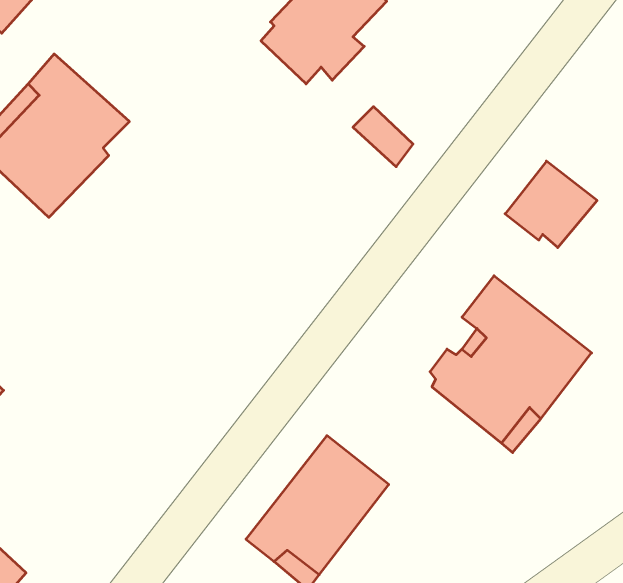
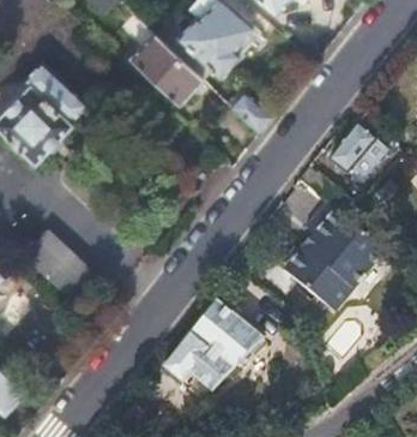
building: none -> [127,31,201,103]
building: none -> [23,227,99,303]

